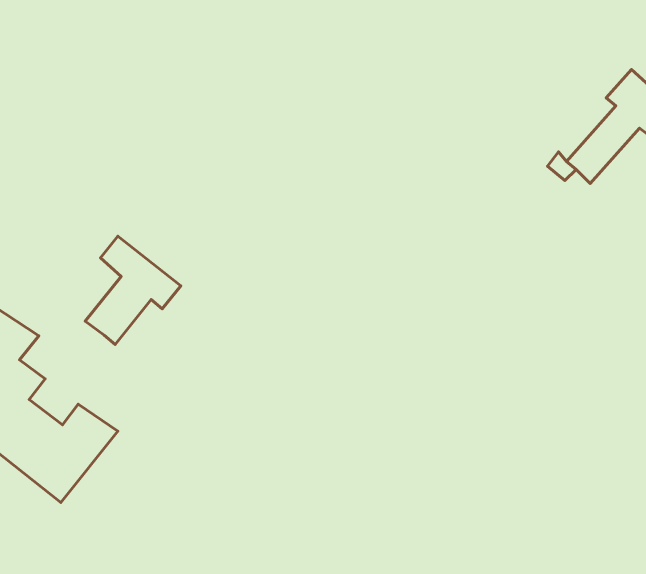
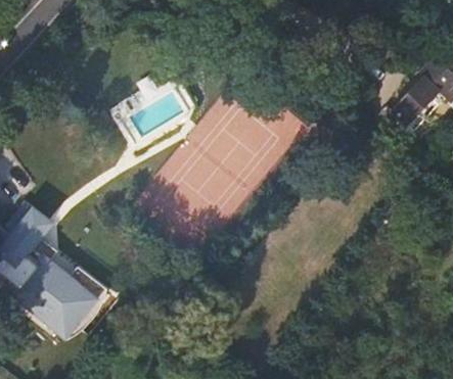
building: [85,236,181,344] -> none

